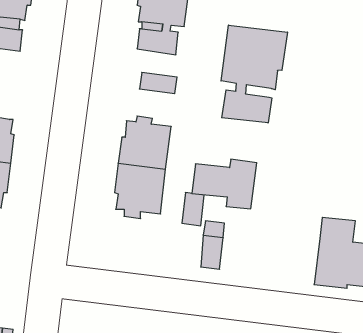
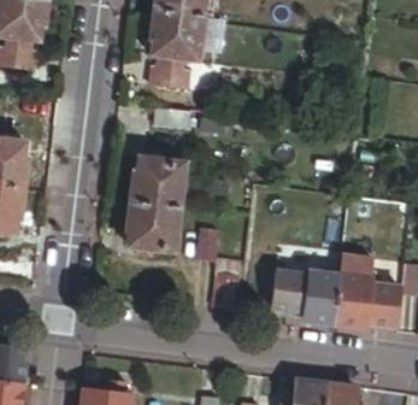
building: [221,25,287,123] -> none
building: [192,159,257,209] -> [271,272,337,323]

